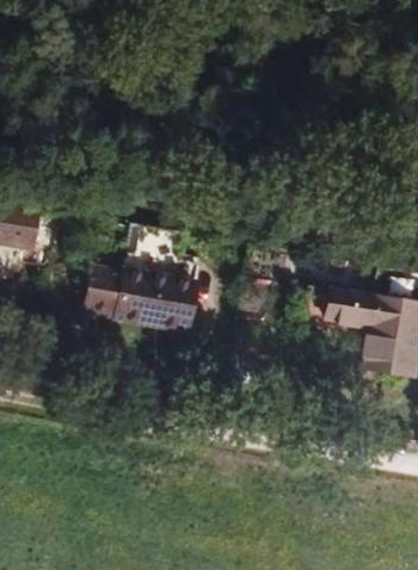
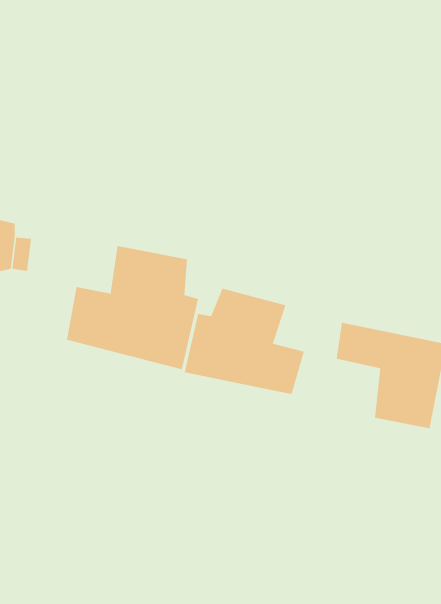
building: none -> [184,288,304,395]

